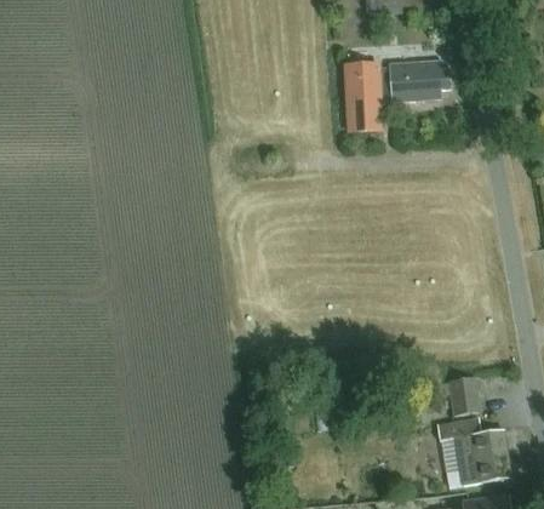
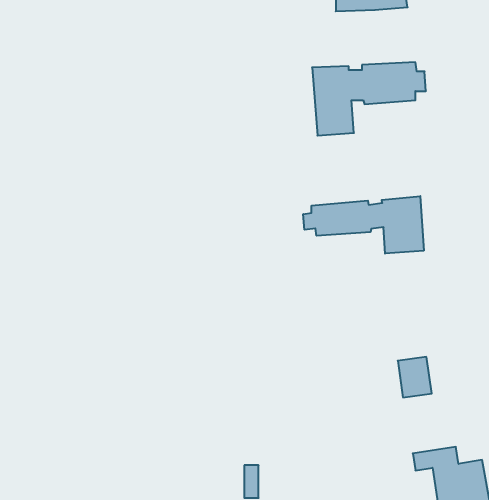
building: none -> [303,196,424,254]
building: [449,377,481,414] -> [398,357,432,397]

